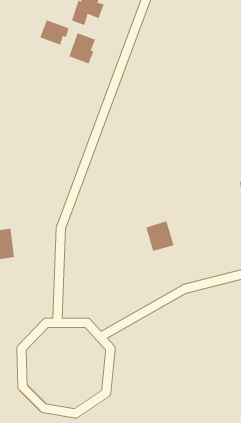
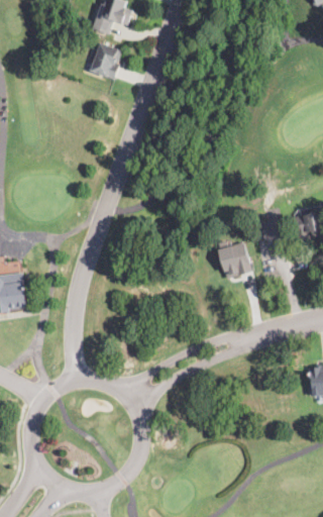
building: [39,20,69,46] -> none
building: [146,221,175,251] -> [217,239,251,276]

